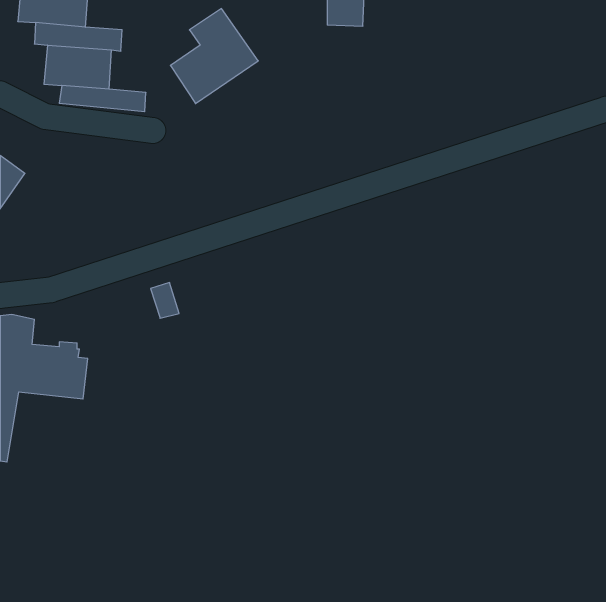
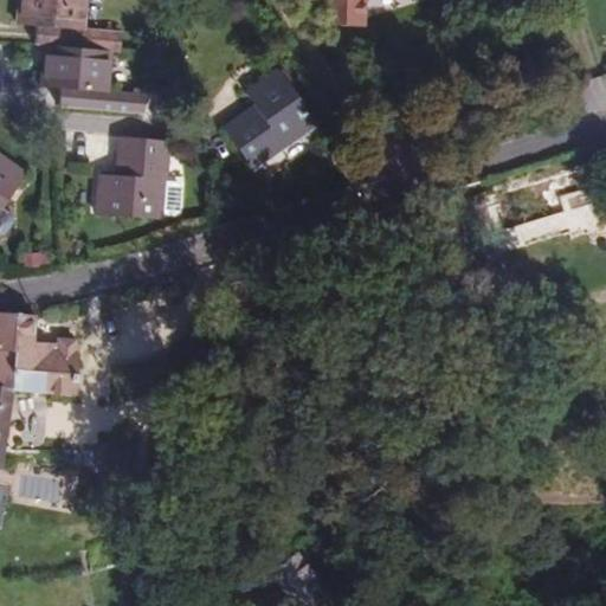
building: [170,9,258,104] -> [224,67,311,162]
building: none -> [98,135,170,218]

